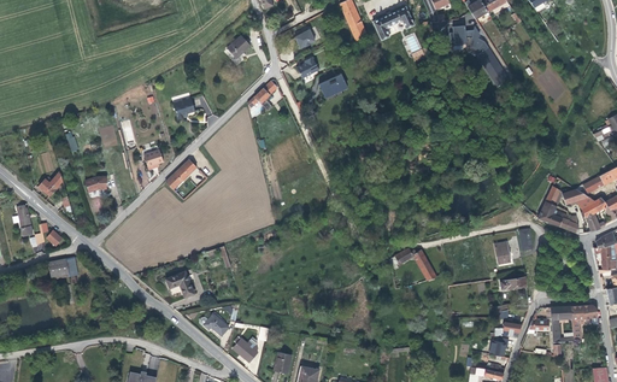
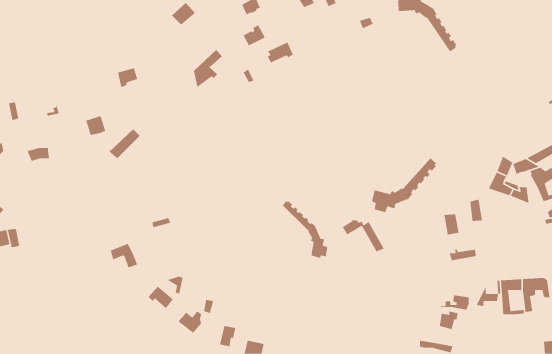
building: none -> [371,158,437,213]
building: none -> [282,200,328,259]

